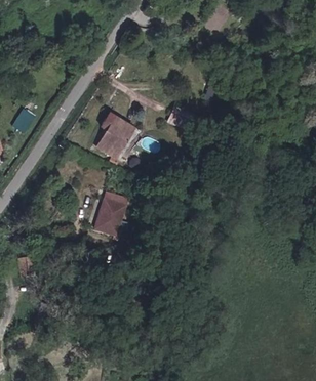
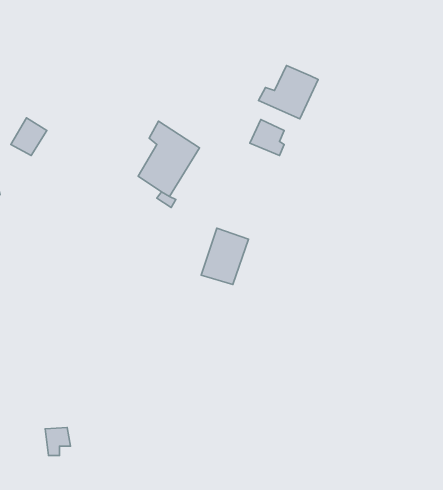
building: none -> [258,66,318,119]
building: [95,197,126,234] -> [201,228,248,285]

